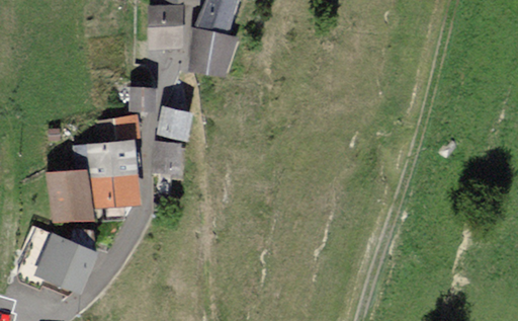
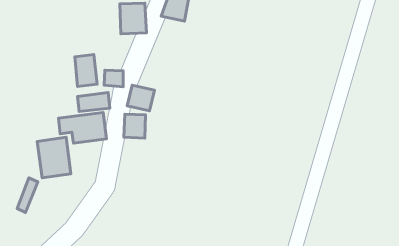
building: [190,32,231,72] -> none
building: none -> [75,55,97,86]
building: [93,173,138,207] -> none
building: [40,238,92,289] -> none

